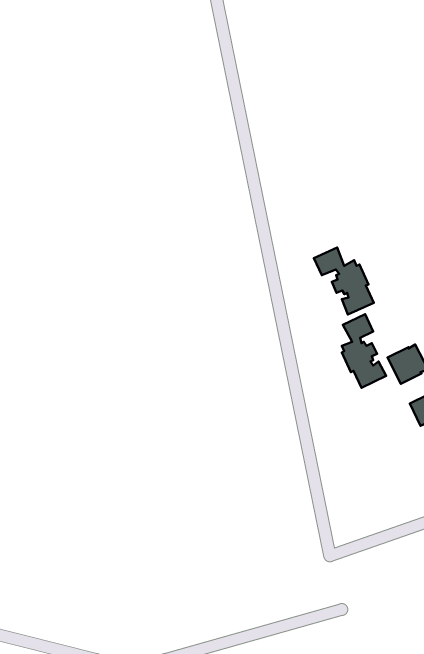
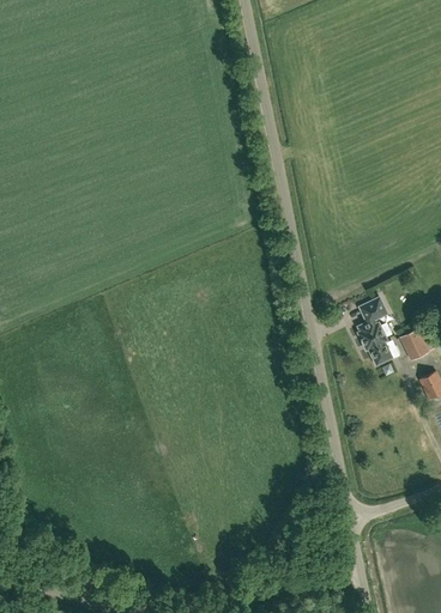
building: [314,248,374,315] -> none

